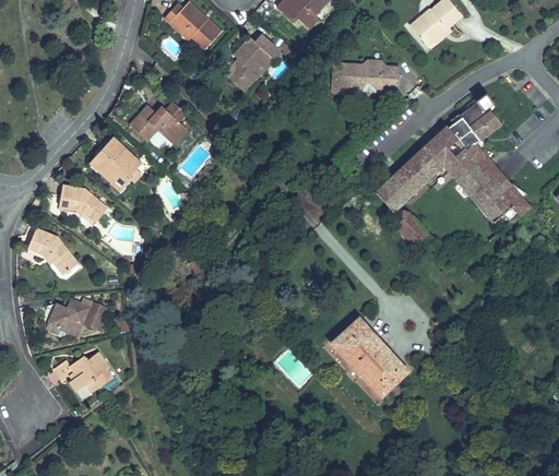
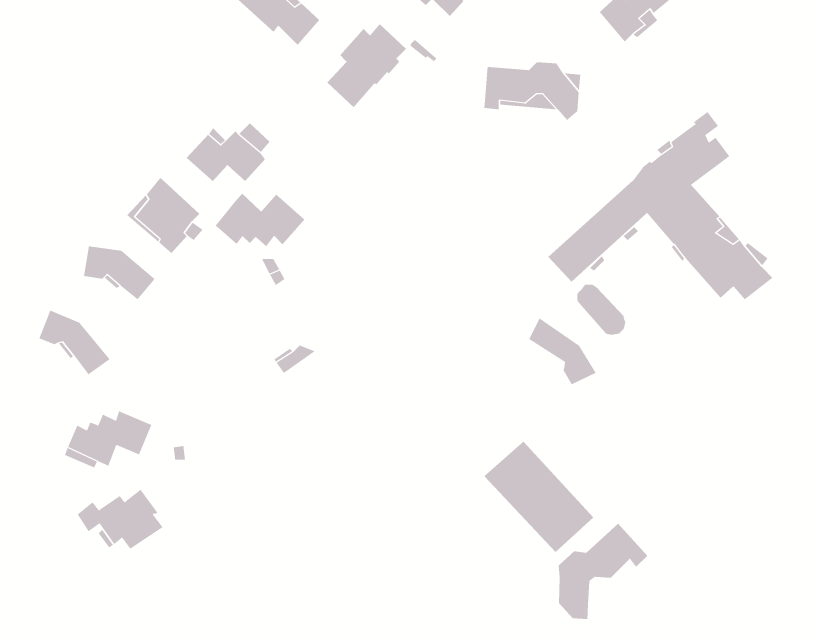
building: none -> [215,193,305,247]
building: none -> [528,317,596,385]
building: none -> [558,523,648,620]

